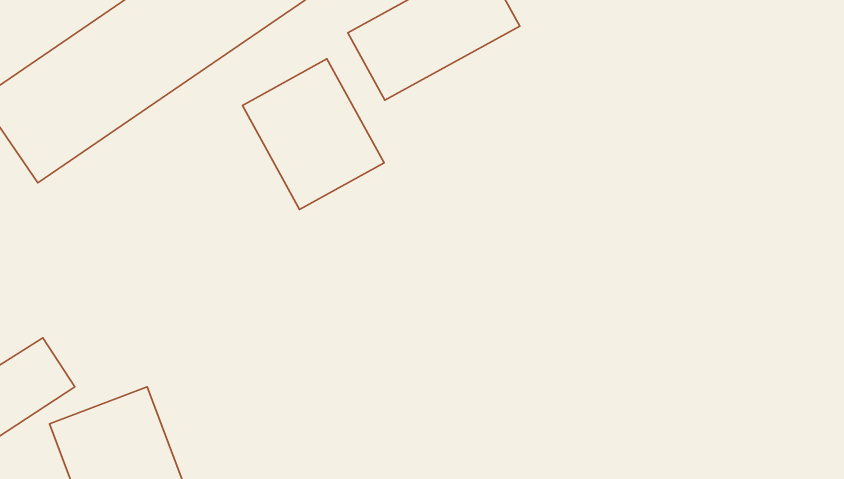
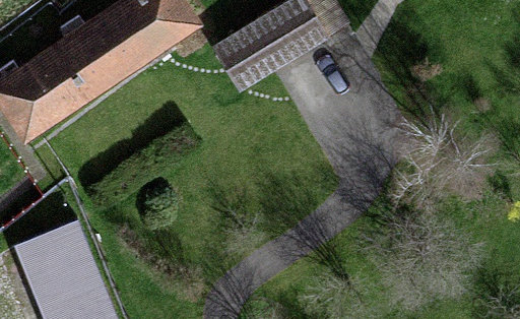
building: [242,59,384,209] -> none

